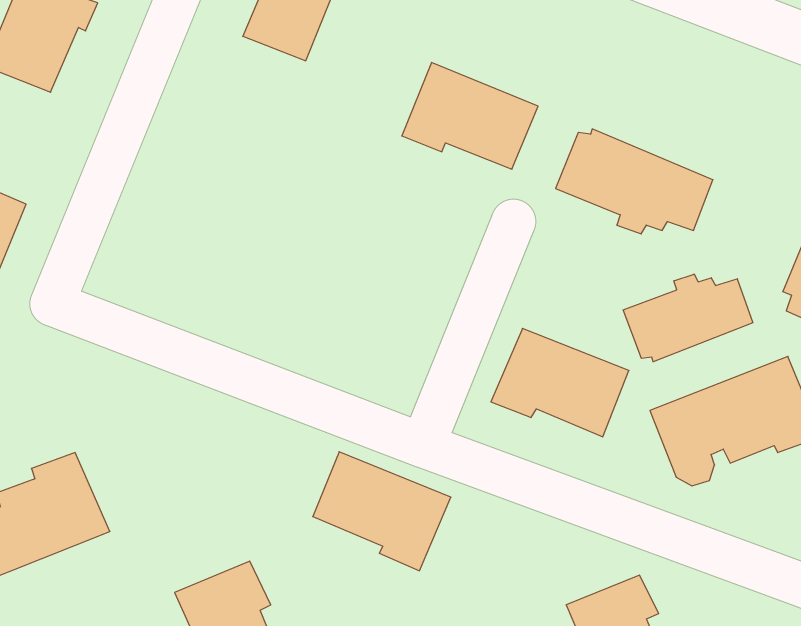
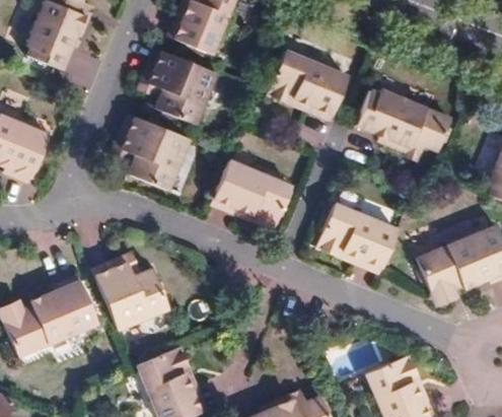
building: none -> [150,55,216,125]
building: none -> [124,121,189,192]
building: [623,274,753,362] -> none
building: none -> [93,259,167,325]
building: [313,452,451,571] -> [214,163,294,232]

